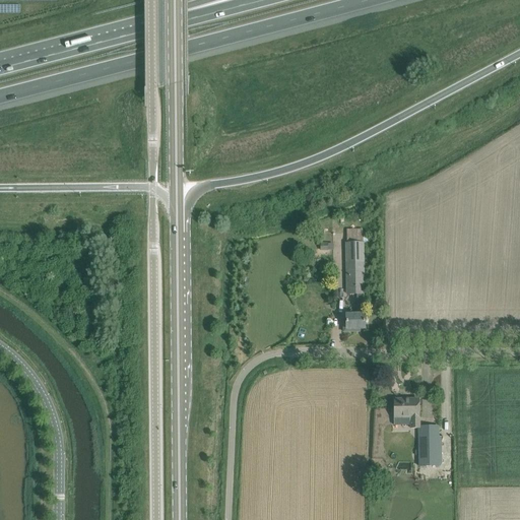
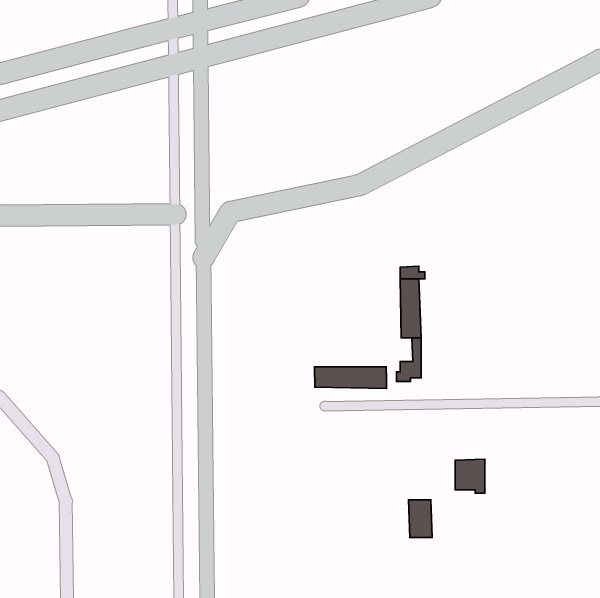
building: none -> [314,367,387,389]
building: [417,431,438,463] -> [409,500,432,537]

